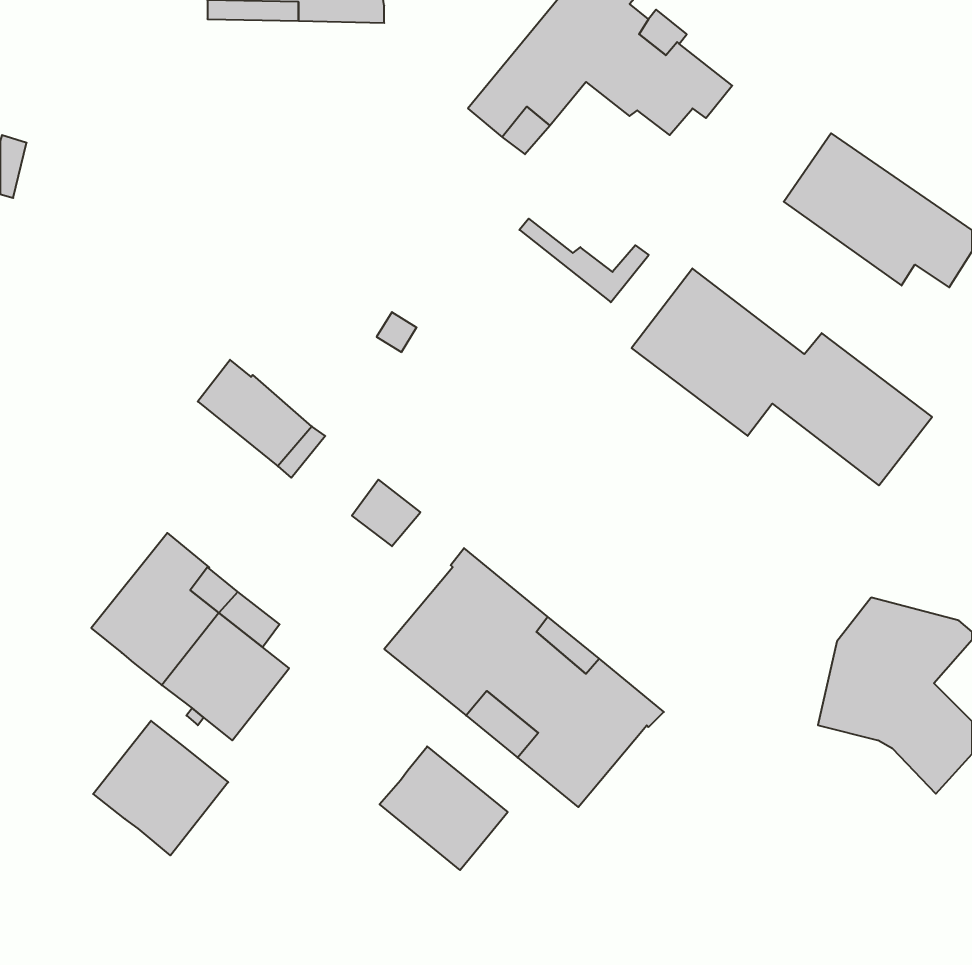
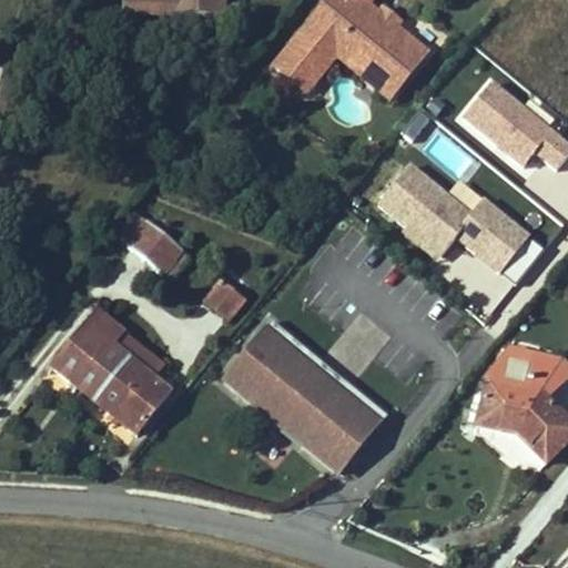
building: [519,219,649,302] -> [336,48,412,97]
building: [93,721,228,855] -> none
building: [380,746,508,870] -> none

